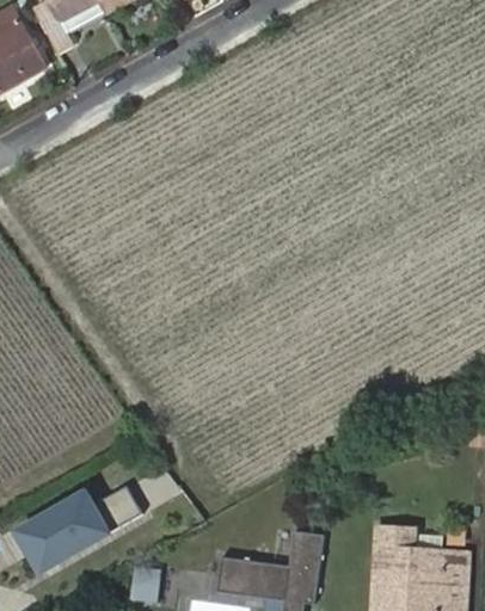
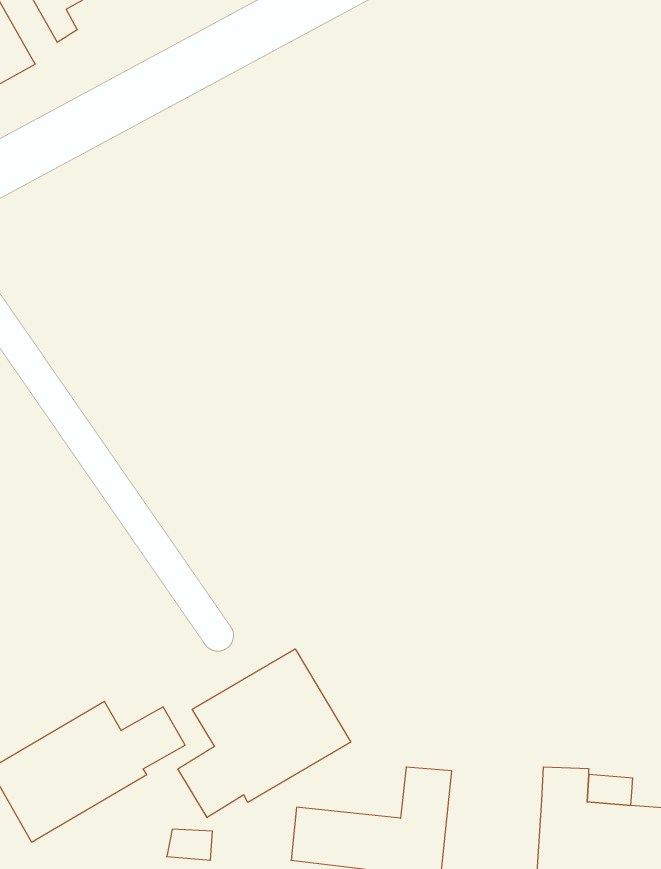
building: none -> [178,649,351,818]

